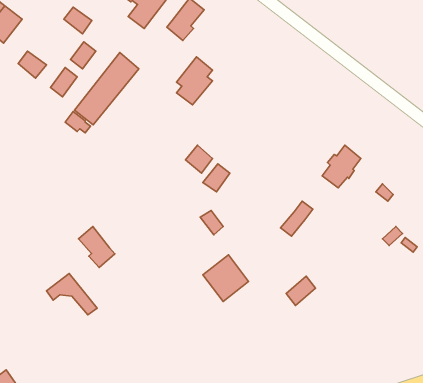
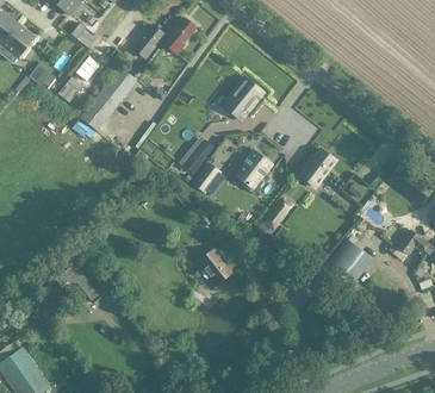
building: [176,57,213,105] -> [228,76,260,119]
building: none -> [235,149,268,192]
building: [78,227,115,267] -> none
building: none -> [321,237,373,289]

